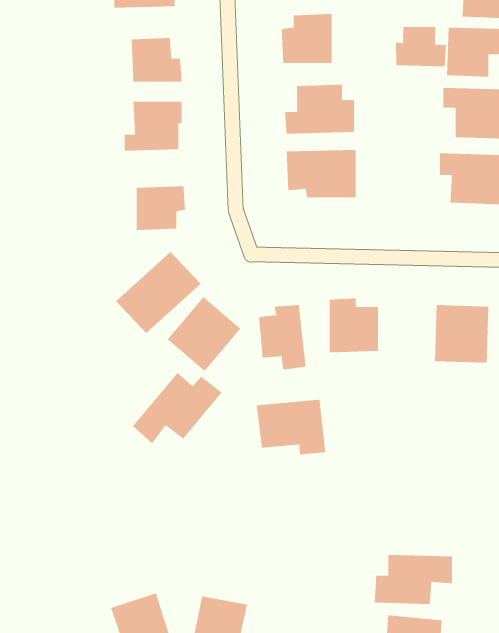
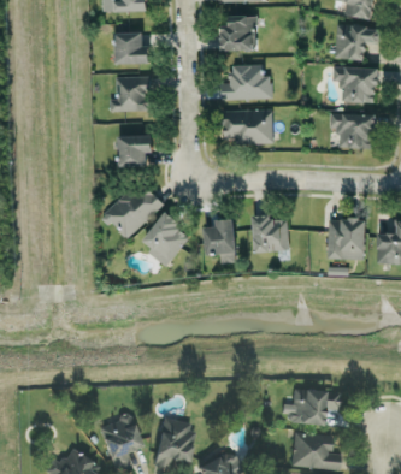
building: [396,26,447,67] -> none
building: [132,372,223,444] -> none
building: [256,399,326,455] -> none

